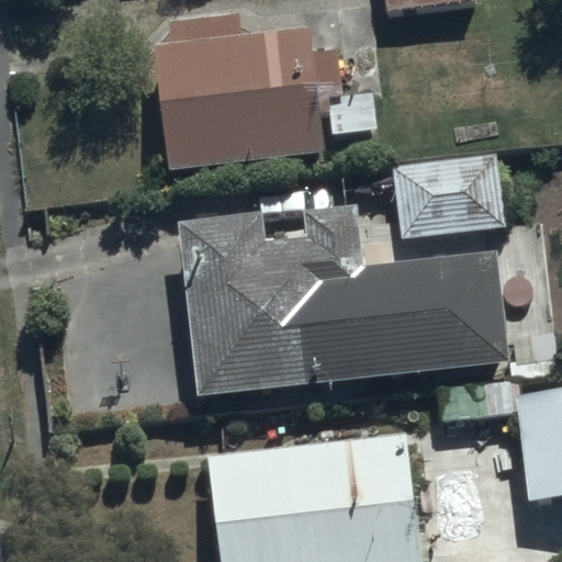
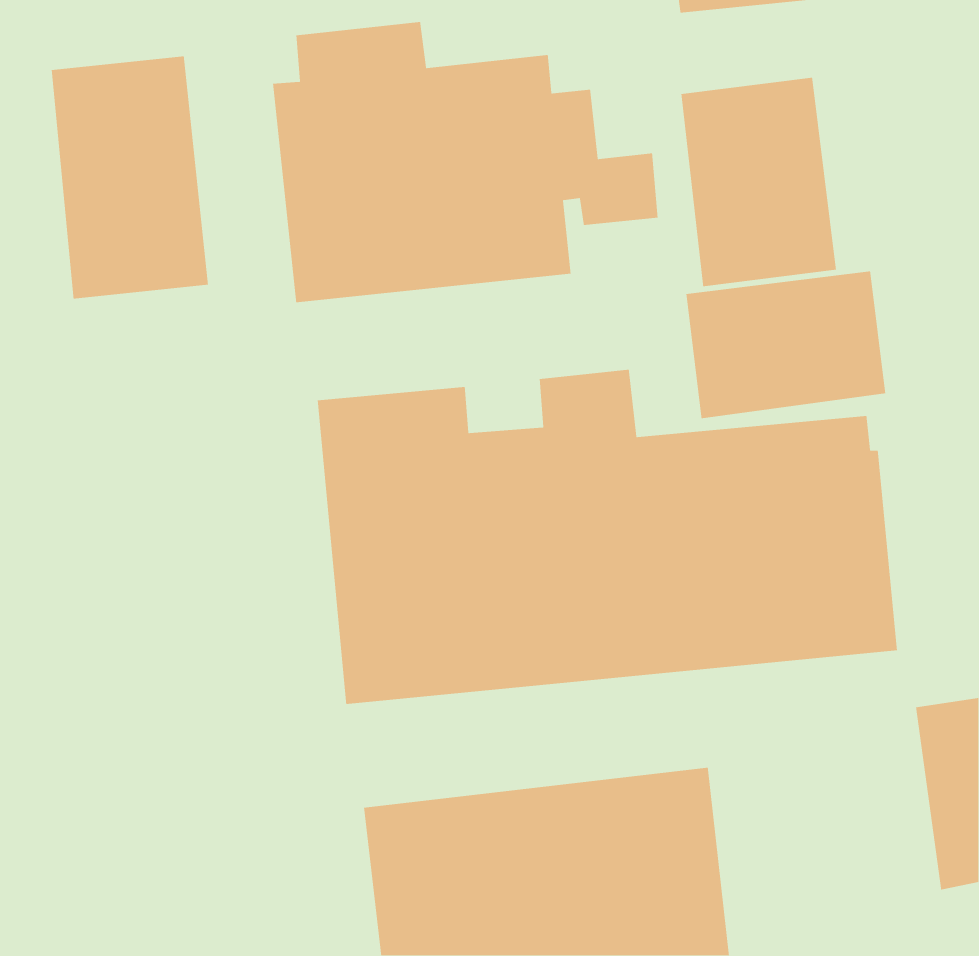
building: none -> [51,56,209,300]
building: none -> [680,77,837,287]

